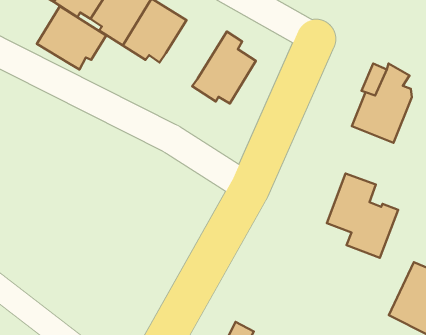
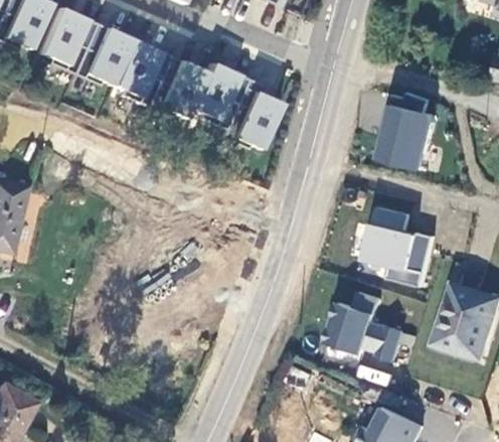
building: [37,6,106,69] -> none
building: none -> [186,62,243,129]
building: none -> [329,288,403,356]

